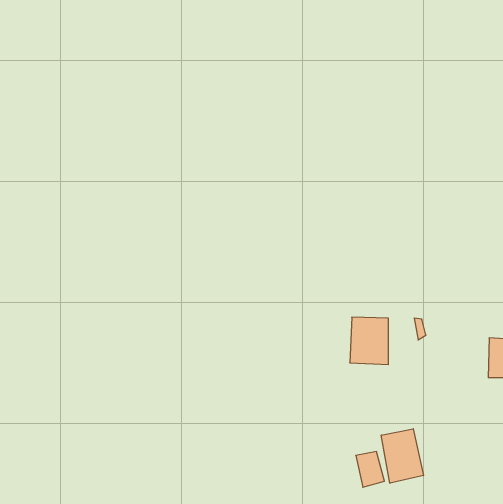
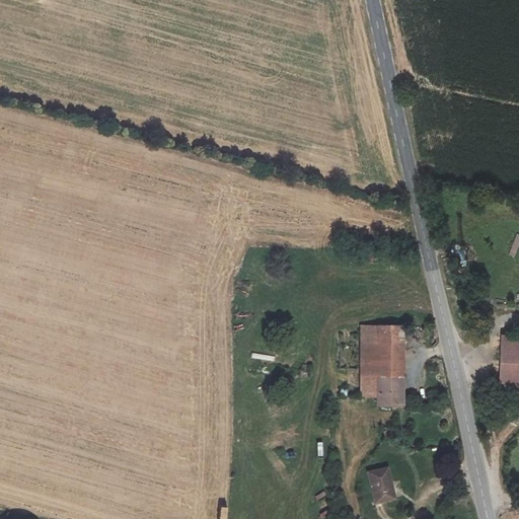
building: none -> [359,373,400,405]
building: [381,429,423,483] -> none

